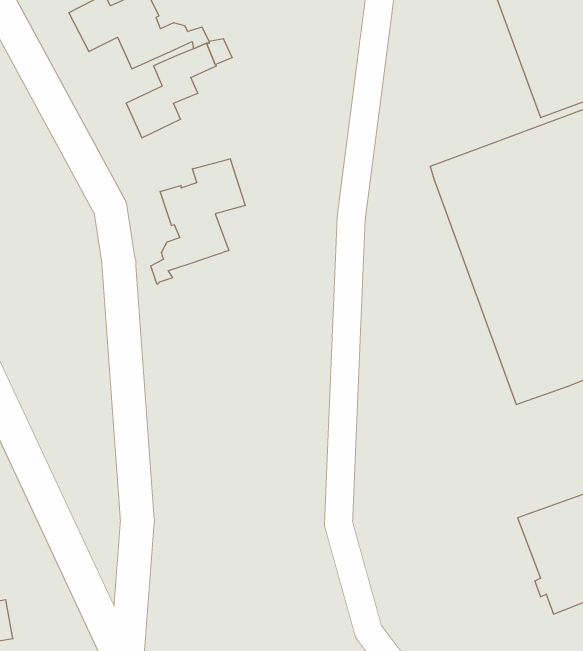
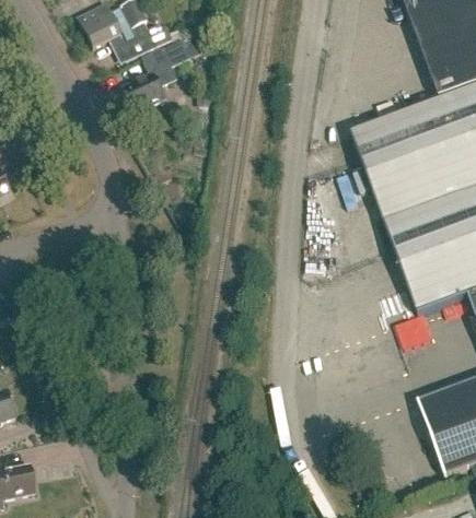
building: [151,159,245,284] -> none

